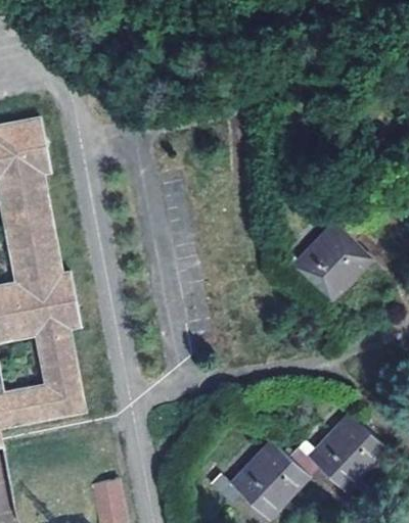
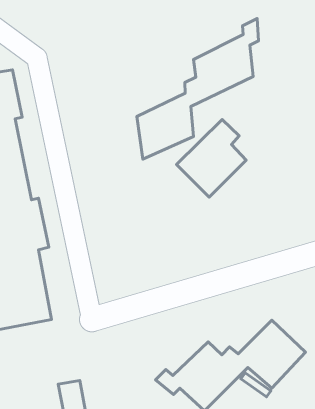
building: none -> [137,19,259,159]
building: [290,211,373,303] -> [176,120,246,197]

